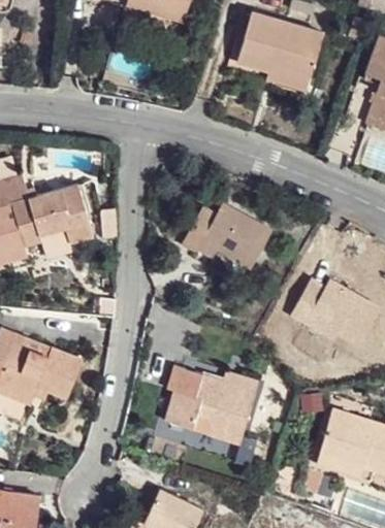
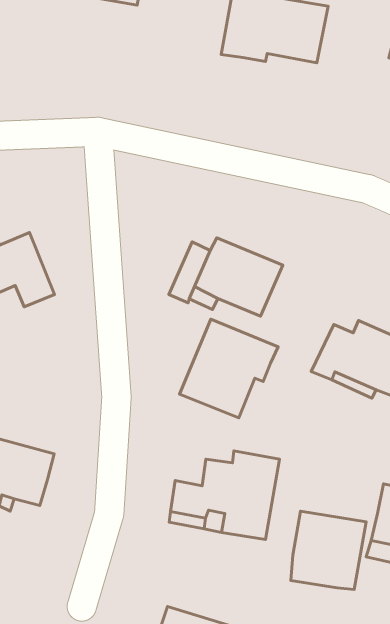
building: none -> [179,319,278,418]
building: none -> [291,511,366,590]

